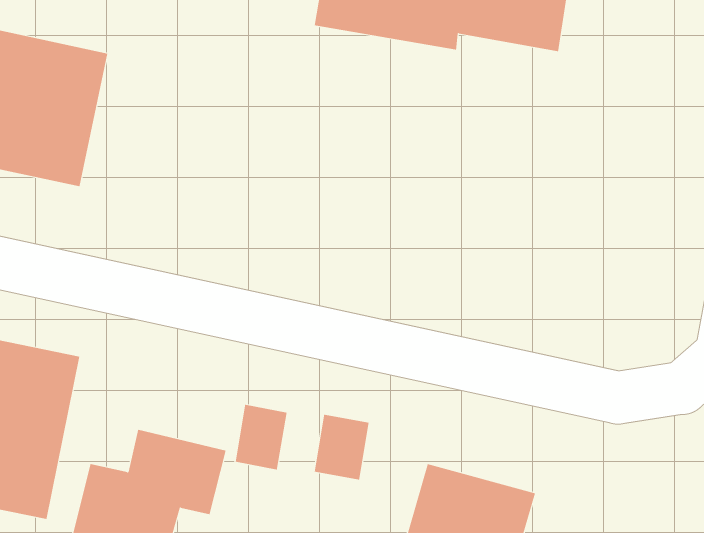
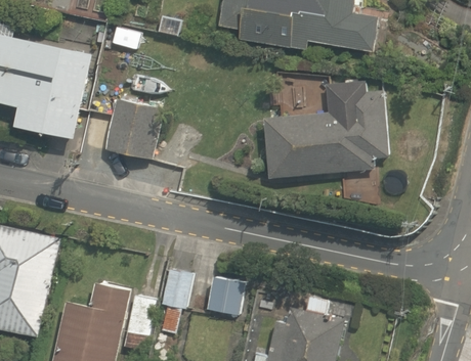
building: none -> [260,83,384,174]
building: none -> [105,87,160,159]

